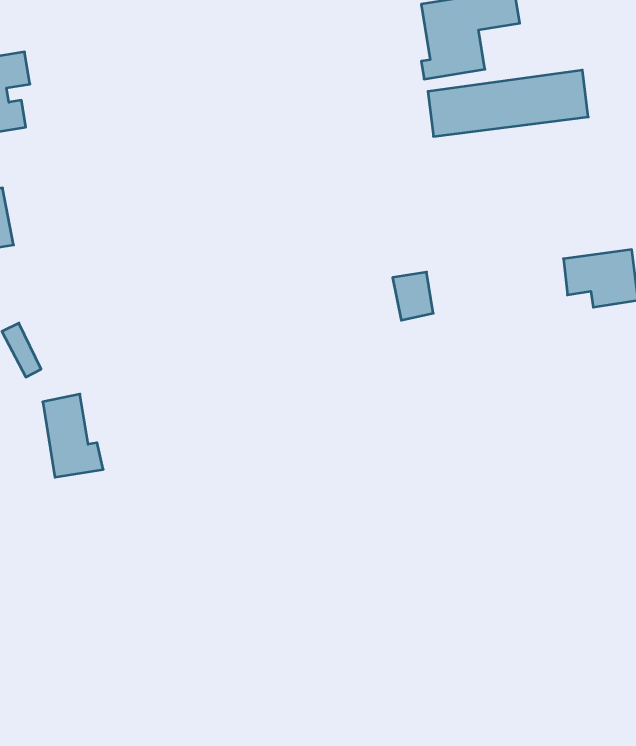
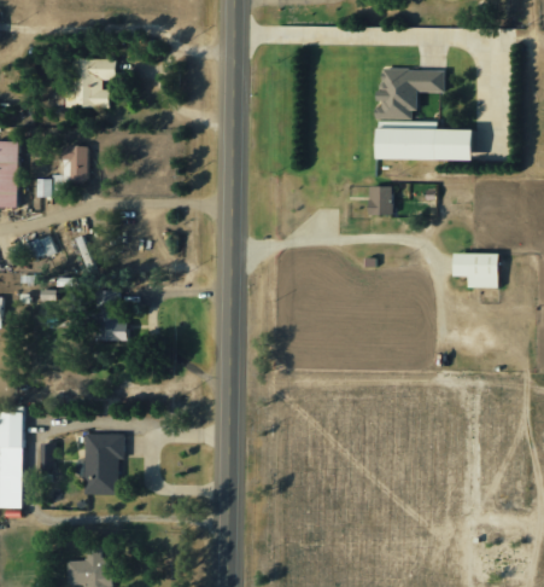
building: [393,272,433,320] -> [372,186,394,215]
building: none -> [81,434,119,494]

